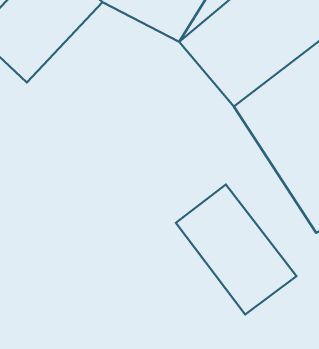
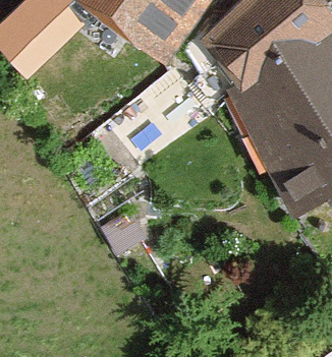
building: [176,185,296,314] -> none

